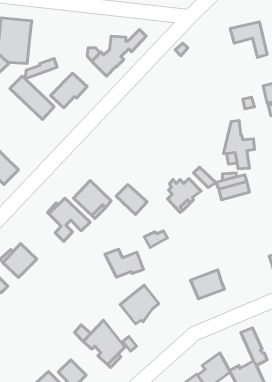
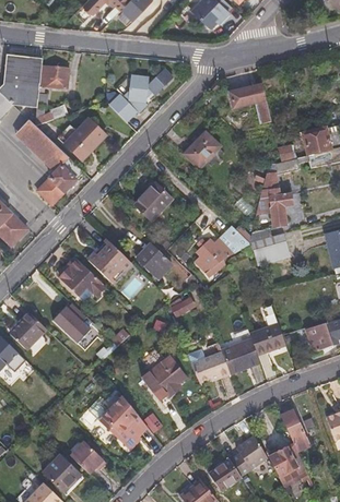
building: [230,22,267,58] -> [230,84,271,124]
building: none -> [38,64,68,88]
building: none -> [184,131,220,167]
building: none -> [40,157,82,199]
building: none -> [134,183,173,222]
building: none -> [56,306,90,343]
building: [105,249,144,277] -> [186,350,230,382]
building: none -> [249,321,285,355]

